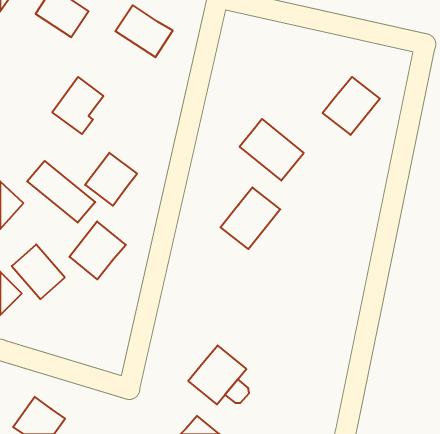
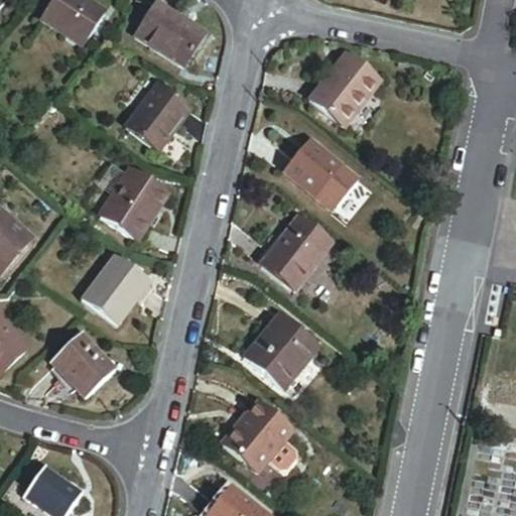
building: [323,77,380,135] -> [310,55,377,123]
building: [52,77,103,134] -> [126,84,185,150]
building: [27,161,95,223] -> none
building: [12,244,65,299] -> [56,331,118,394]
building: none -> [241,310,317,387]

